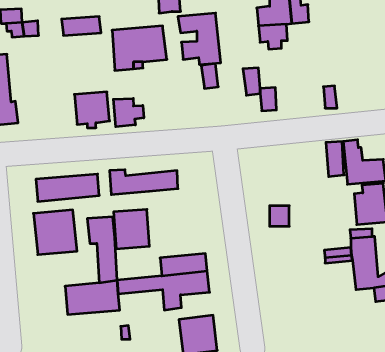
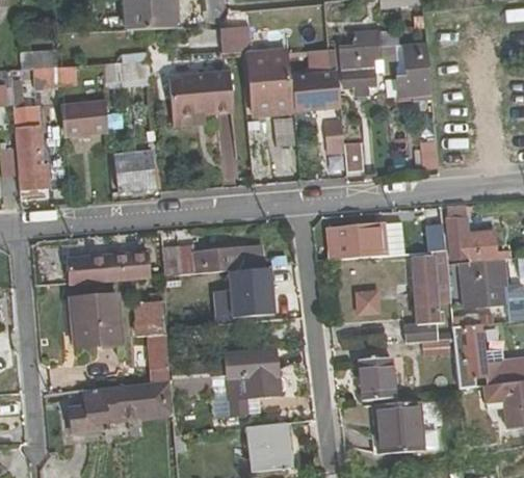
building: none -> [295,51,338,111]
building: none -> [396,63,430,101]
building: none -> [60,108,109,140]
building: [113,98,144,127] -> none
building: none -> [326,222,402,261]
building: none -> [412,256,450,326]
building: [114,209,149,249] -> [230,267,273,315]
building: none -> [357,353,395,394]
building: none -> [69,394,102,431]
building: none -> [376,395,421,453]

